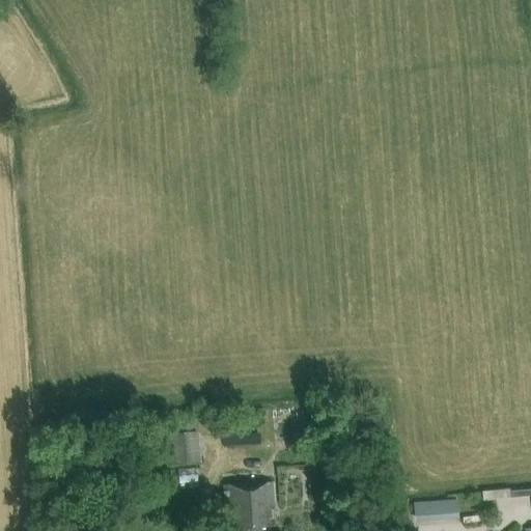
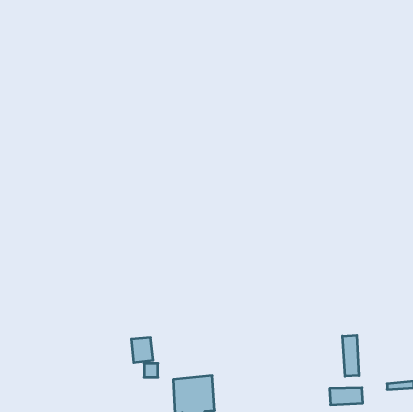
building: none -> [342,335,359,376]

